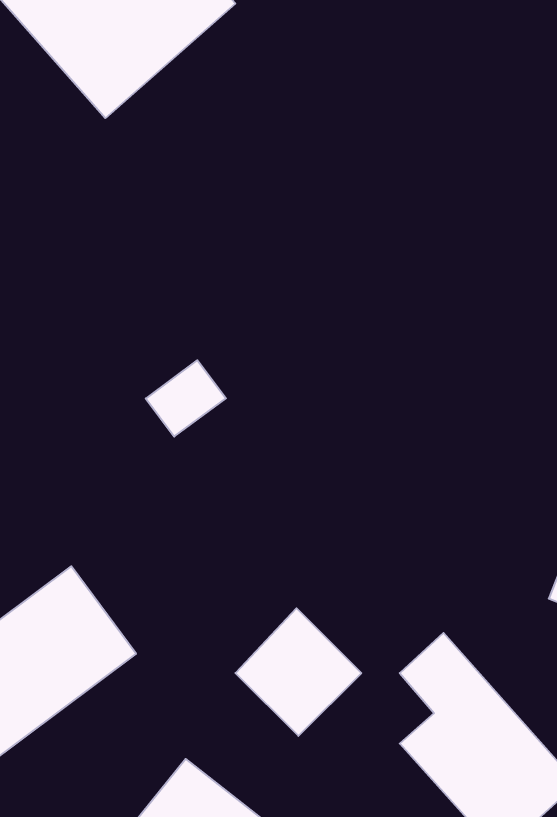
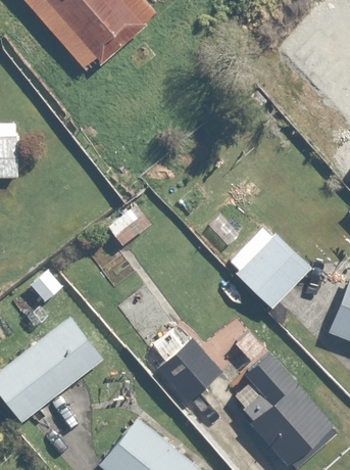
building: none -> [222,223,312,313]

